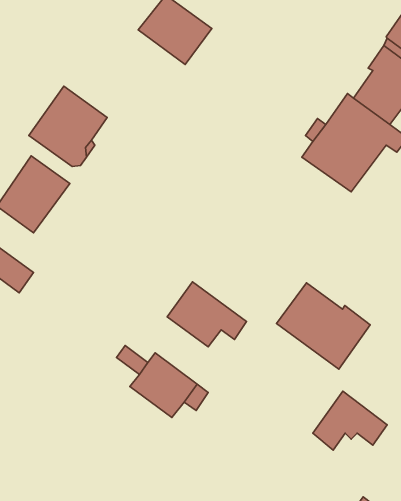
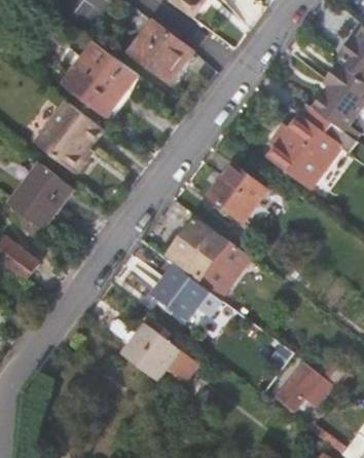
building: none -> [65,43,139,117]
building: none -> [207,163,267,223]
building: [276,283,370,369] -> [170,221,250,295]

